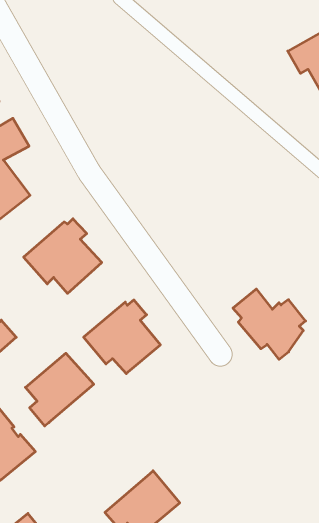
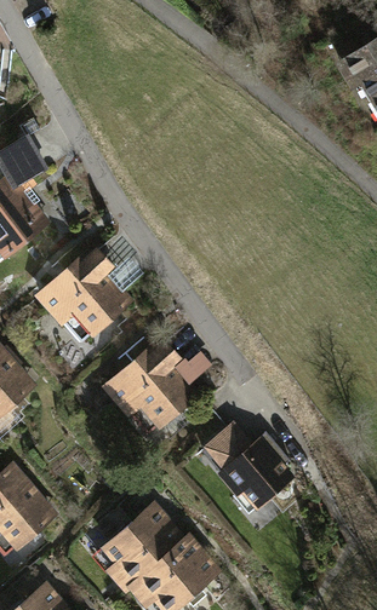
building: [233,289,306,359] -> [207,424,290,503]
building: [25,353,94,426] -> [105,505,183,587]

